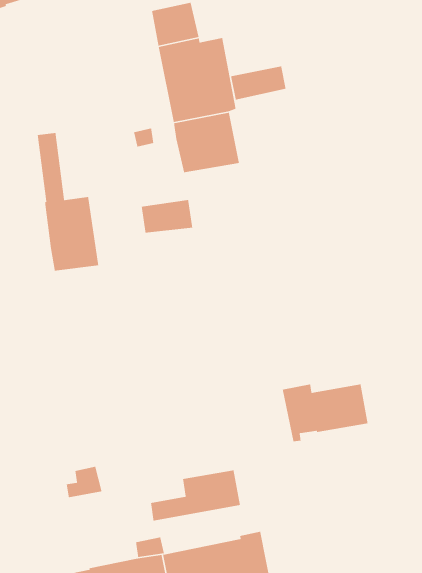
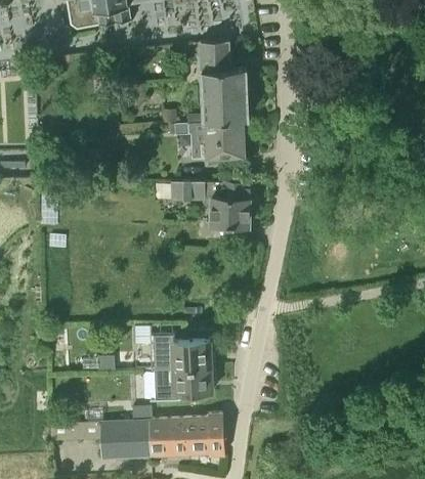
building: [230,66,287,101] -> none
building: [37,132,99,272] -> none
building: none -> [209,182,250,225]
building: [282,383,369,442] -> [154,335,210,374]

